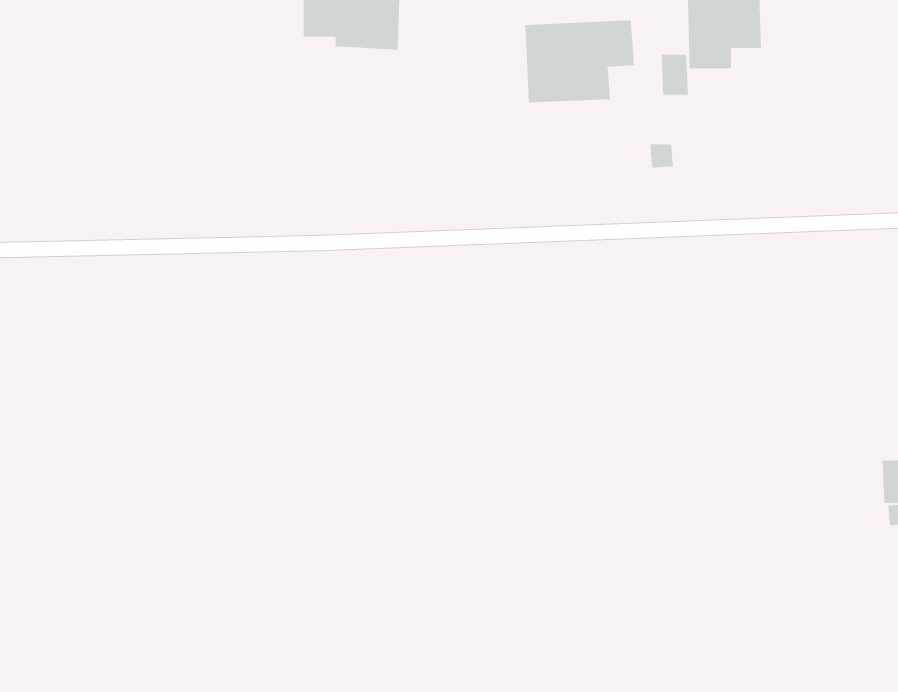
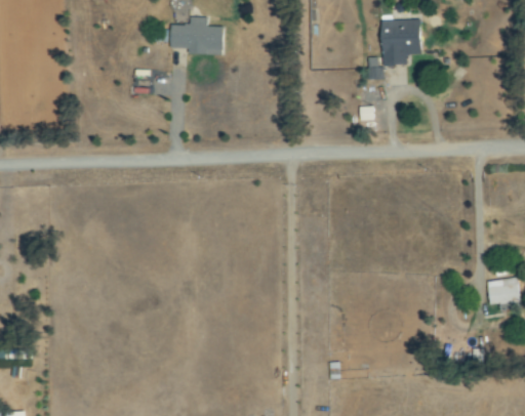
building: [525,19,635,103] -> none

